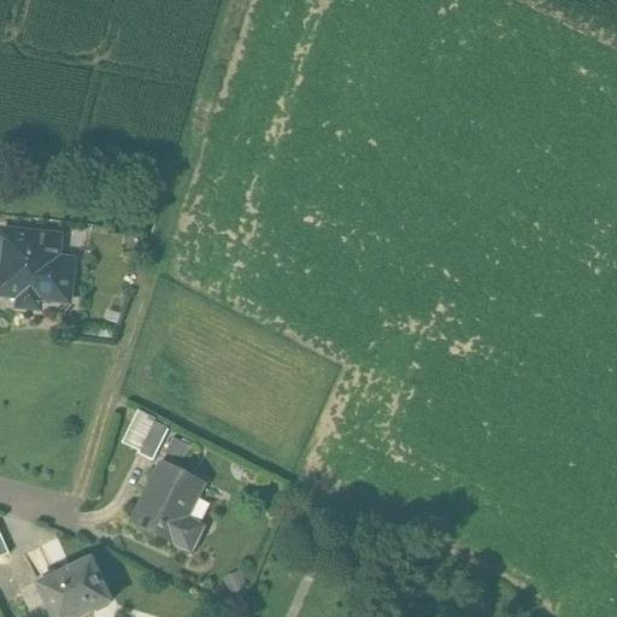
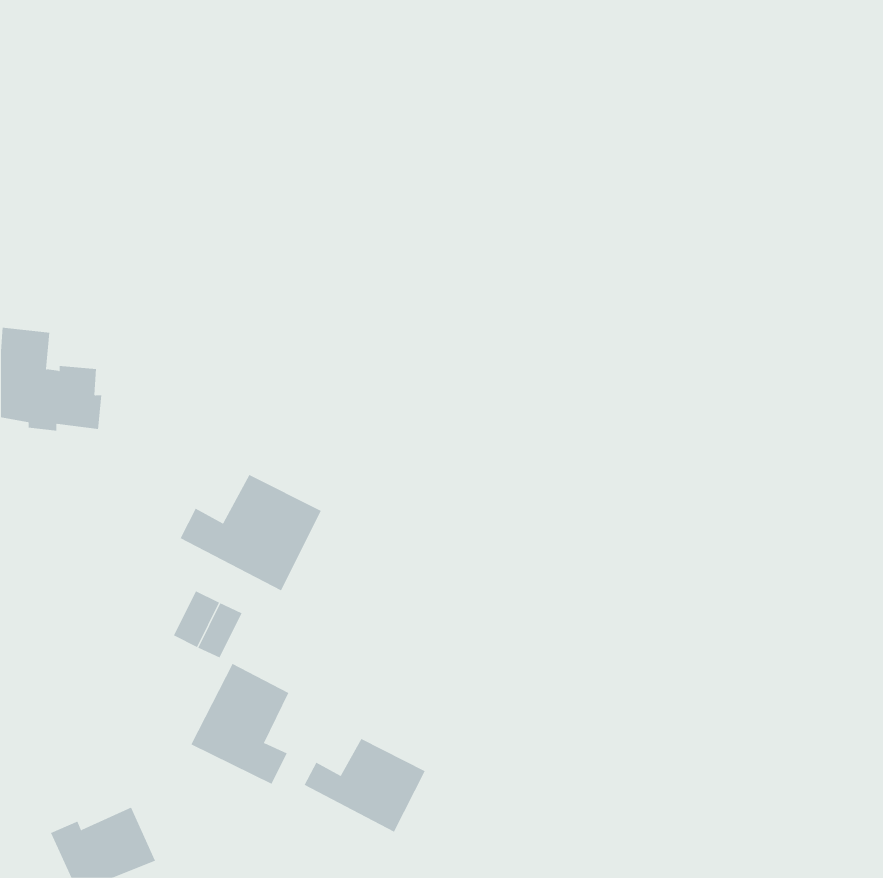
building: none -> [180,474,322,591]
building: none -> [304,738,425,832]

